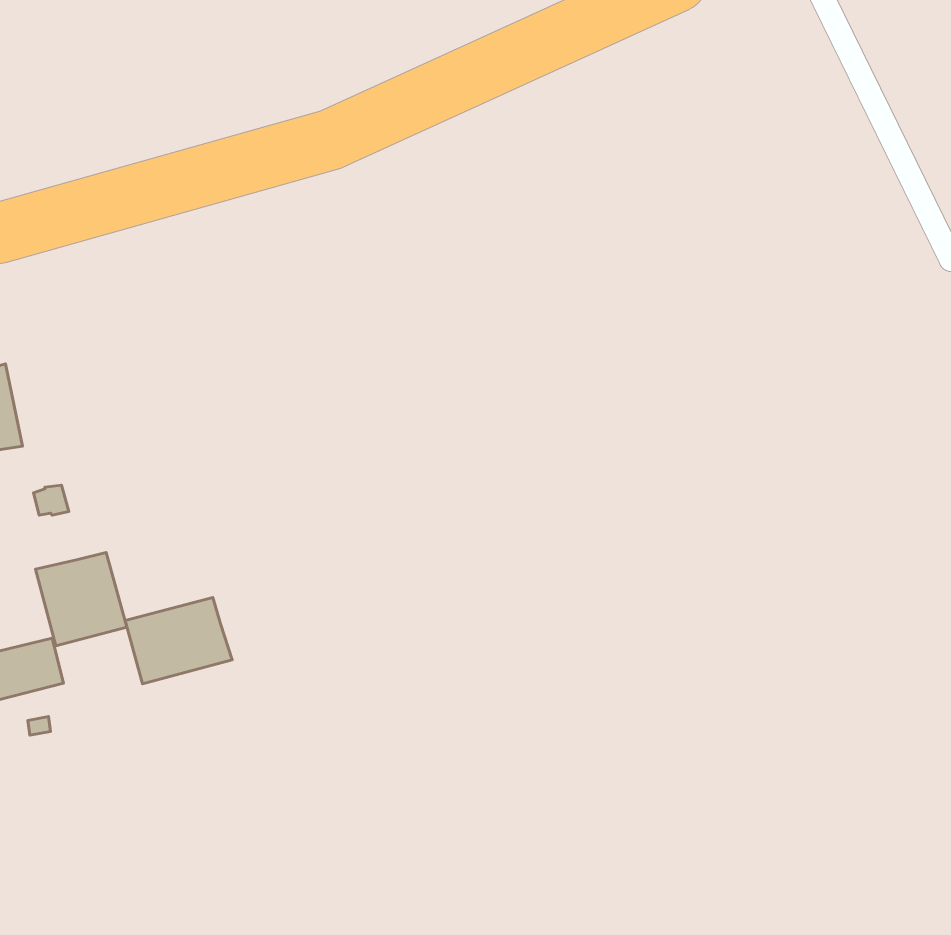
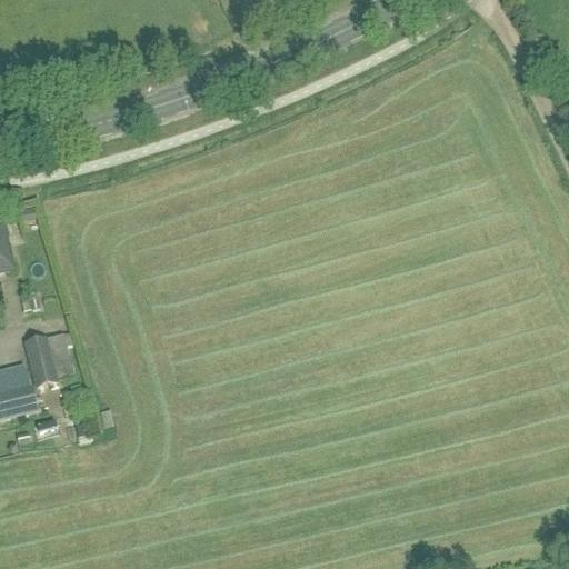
building: [125,597,232,684] -> none

